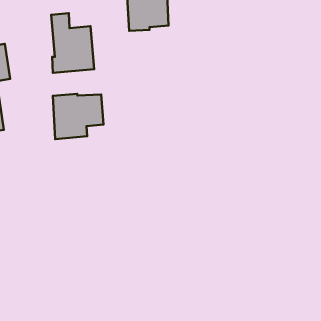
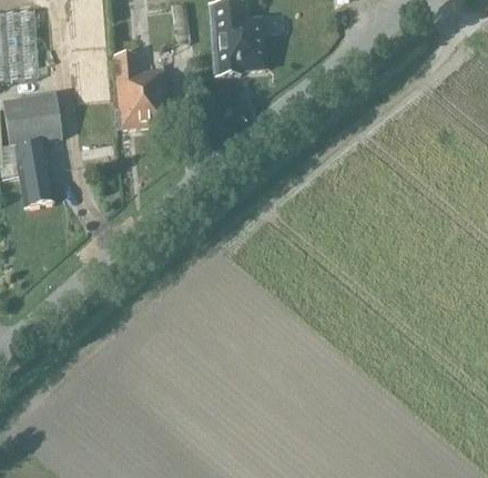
building: [53,94,104,139] -> none

